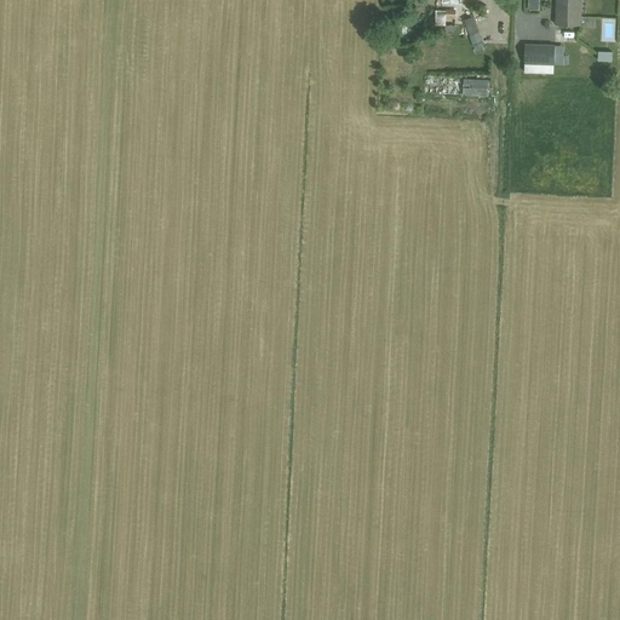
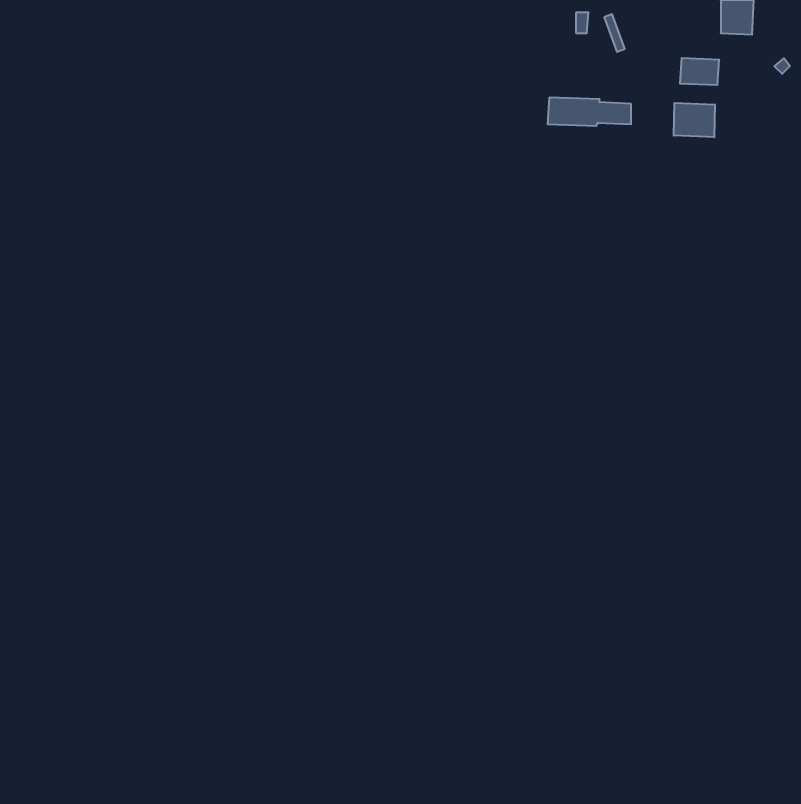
building: none -> [674,103,715,137]

